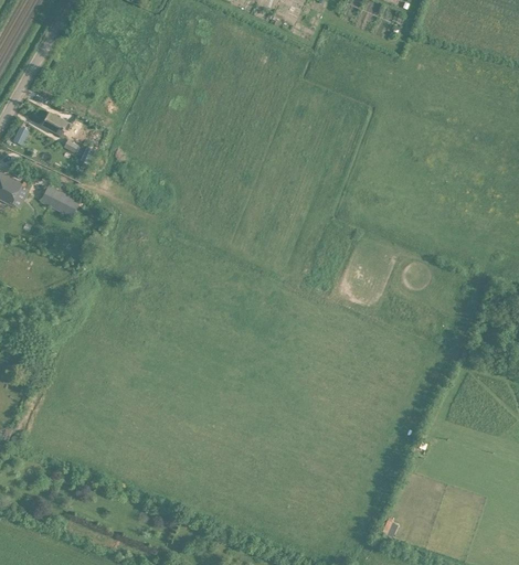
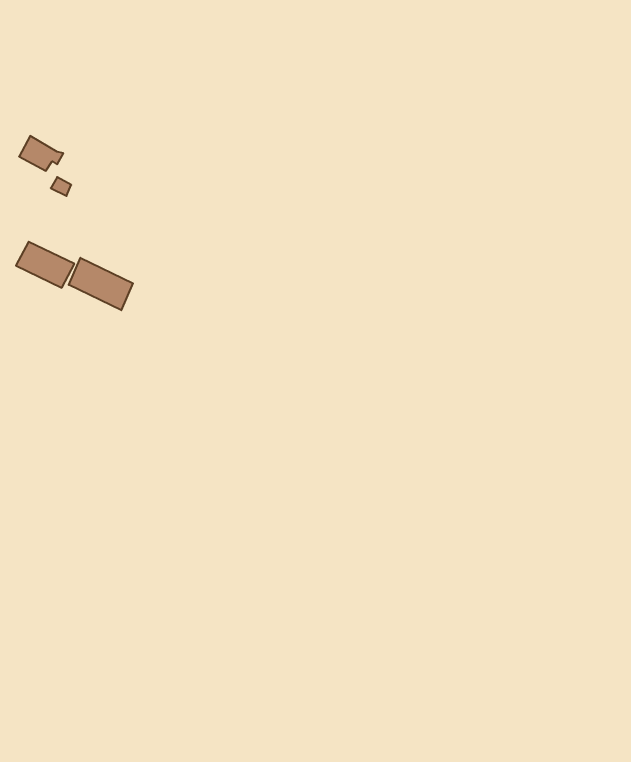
building: none -> [69,258,133,310]

